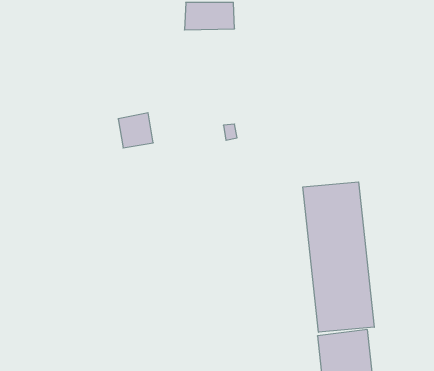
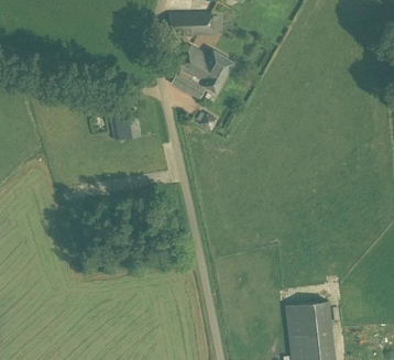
building: none -> [172,45,233,98]
building: [303,182,374,332] -> none

